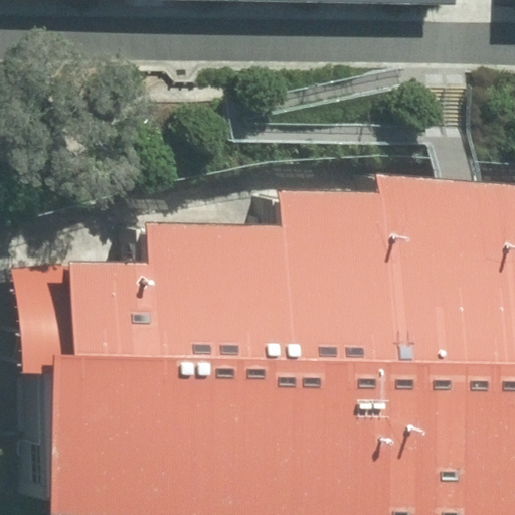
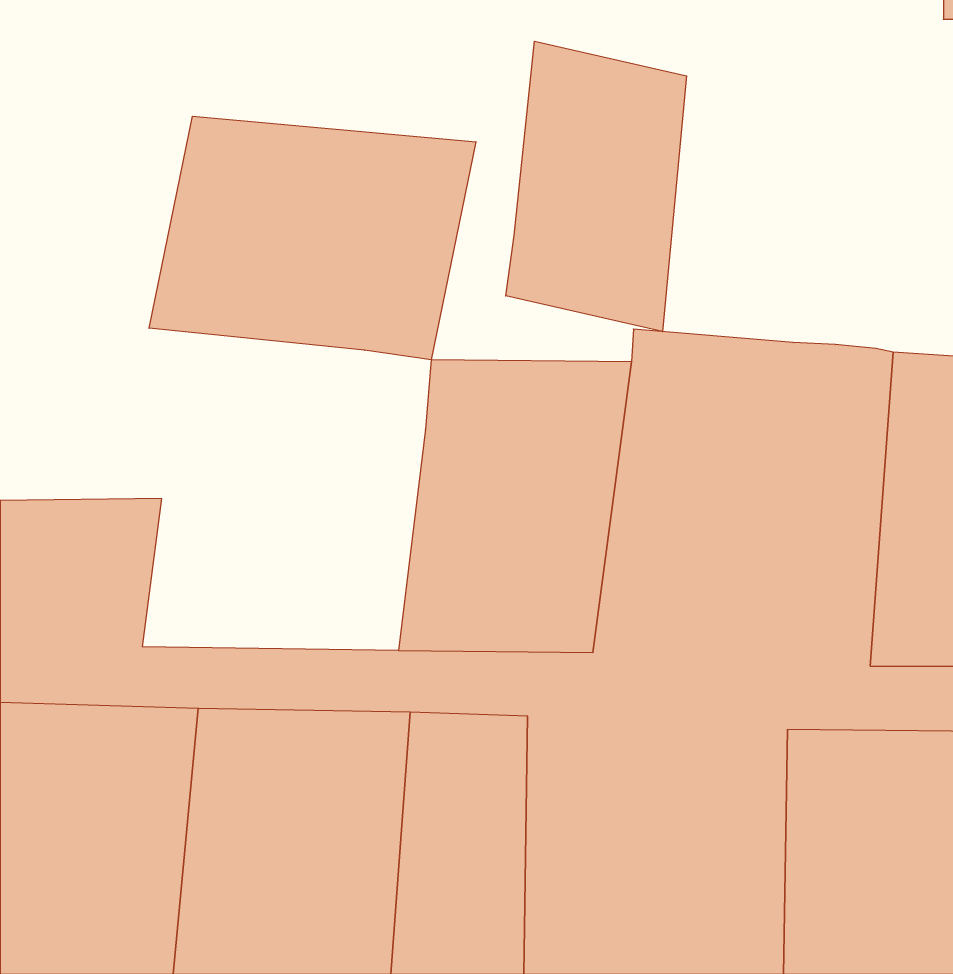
building: none -> [506,41,687,332]
building: none -> [149,116,476,360]
building: [91,220,238,340] -> none

